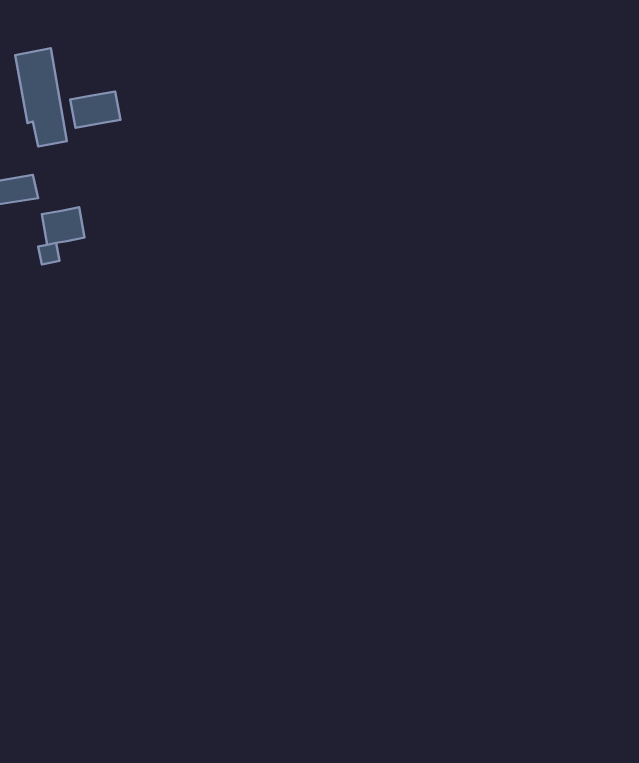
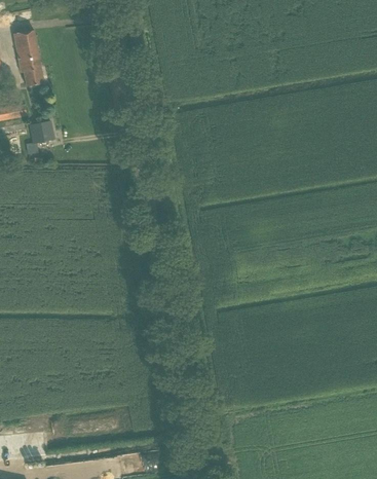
building: [70,91,121,128] -> none

